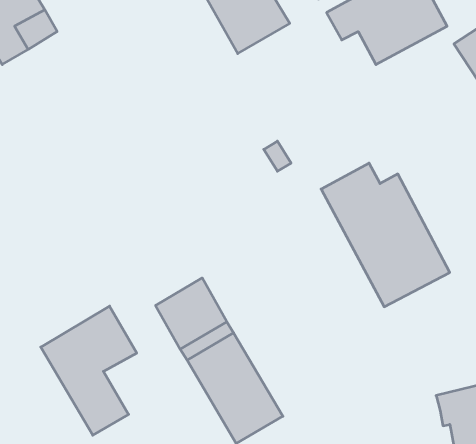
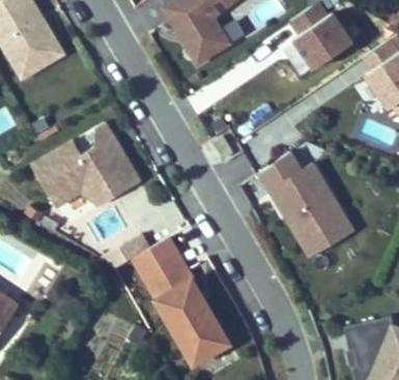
building: none -> [34,136,137,205]
building: [41,306,137,435] -> none

